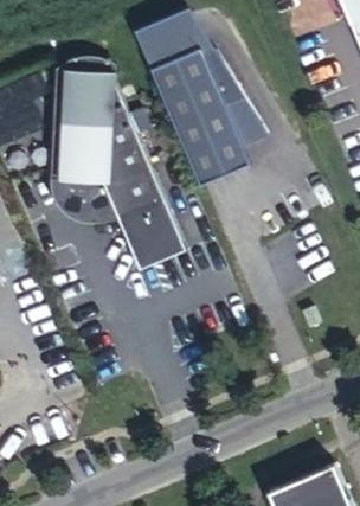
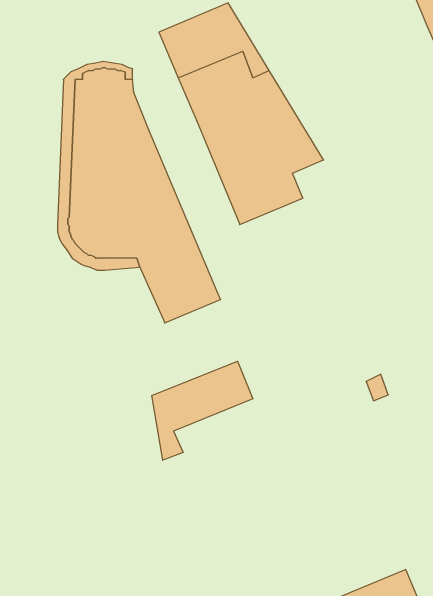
building: none -> [152,361,253,460]

